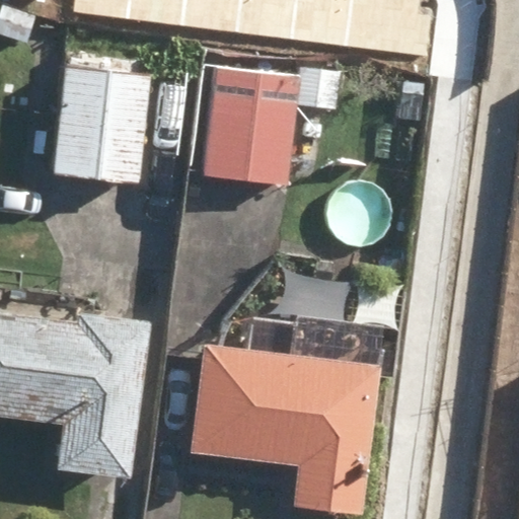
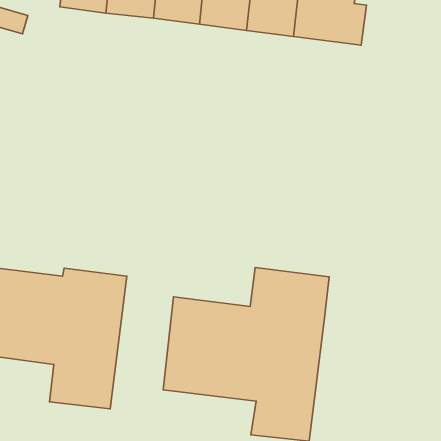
building: [205,64,341,184] -> none
building: [53,67,150,182] -> none

